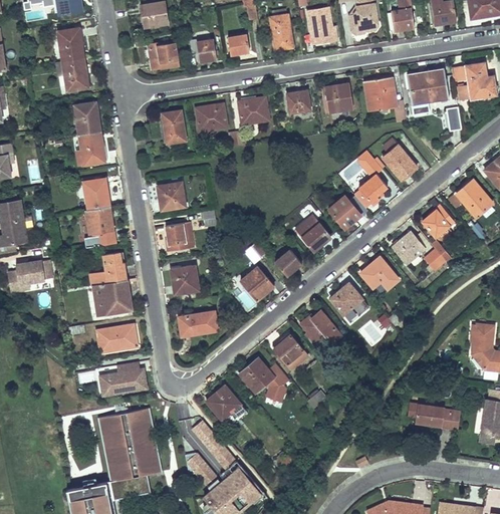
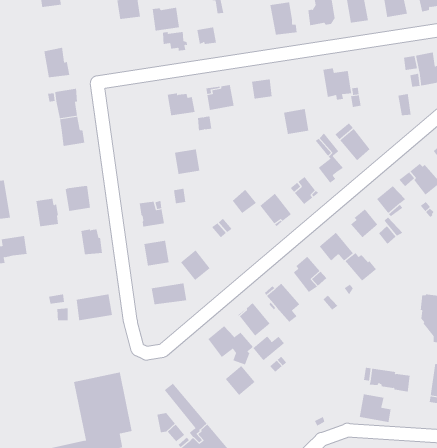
building: [270,14,292,49] -> none
building: [57,27,83,60] -> none
building: [149,42,179,68] -> [152,7,180,31]
building: [407,68,449,110] -> none
building: [325,83,353,111] -> [283,109,309,135]
building: [163,110,186,143] -> none
building: [83,178,108,209] -> [36,198,59,227]
building: [158,182,186,210] -> [174,149,200,175]
building: [275,248,302,275] -> [232,189,257,214]
building: [241,266,274,300] -> [180,249,211,281]
building: none -> [344,252,377,282]
building: [91,279,132,314] -> none
building: [98,360,149,397] -> none
building: none -> [253,335,285,361]
building: [207,386,240,419] -> [225,365,255,396]
building: none -> [359,394,391,423]

